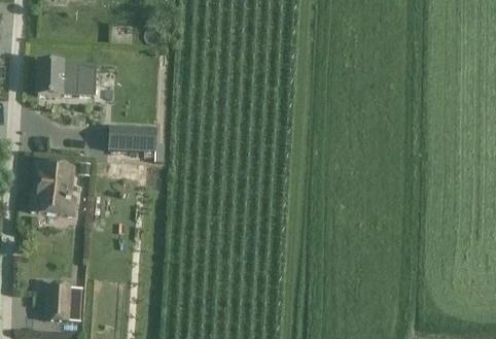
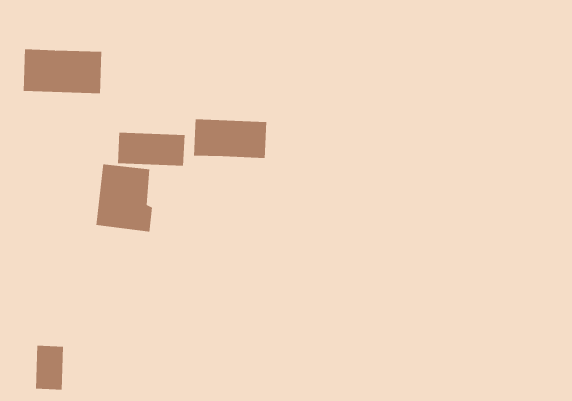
building: none -> [194,119,267,159]
building: [31,164,74,215] -> [96,164,153,232]

